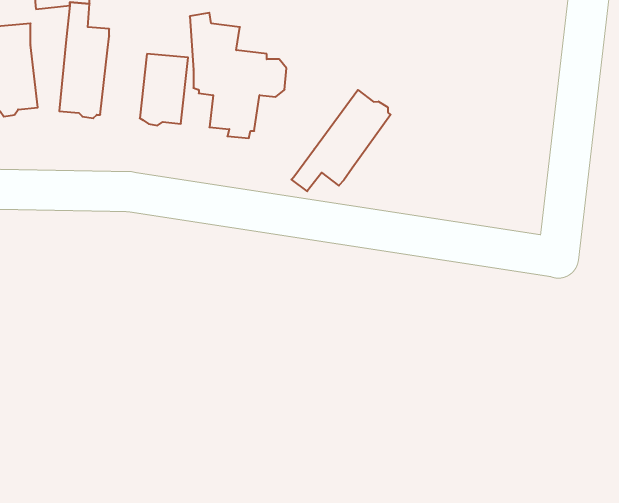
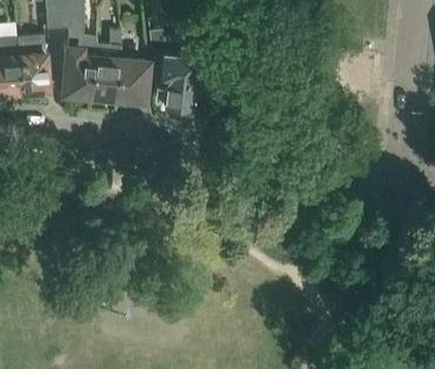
building: none -> [90,30,121,100]
building: [291,90,391,191] -> none

